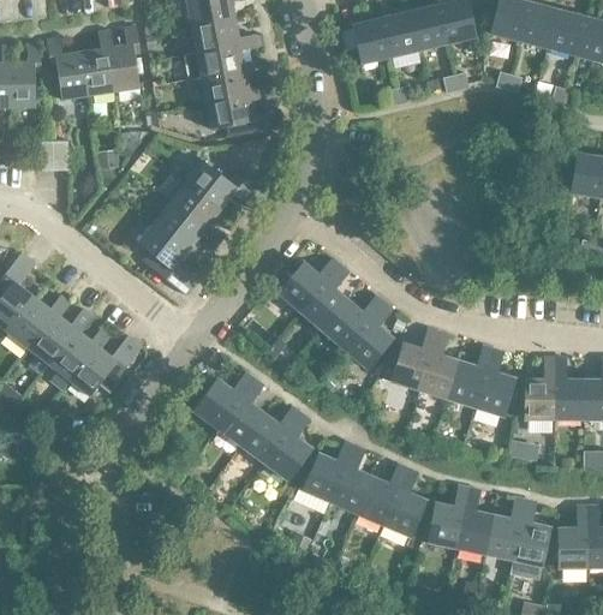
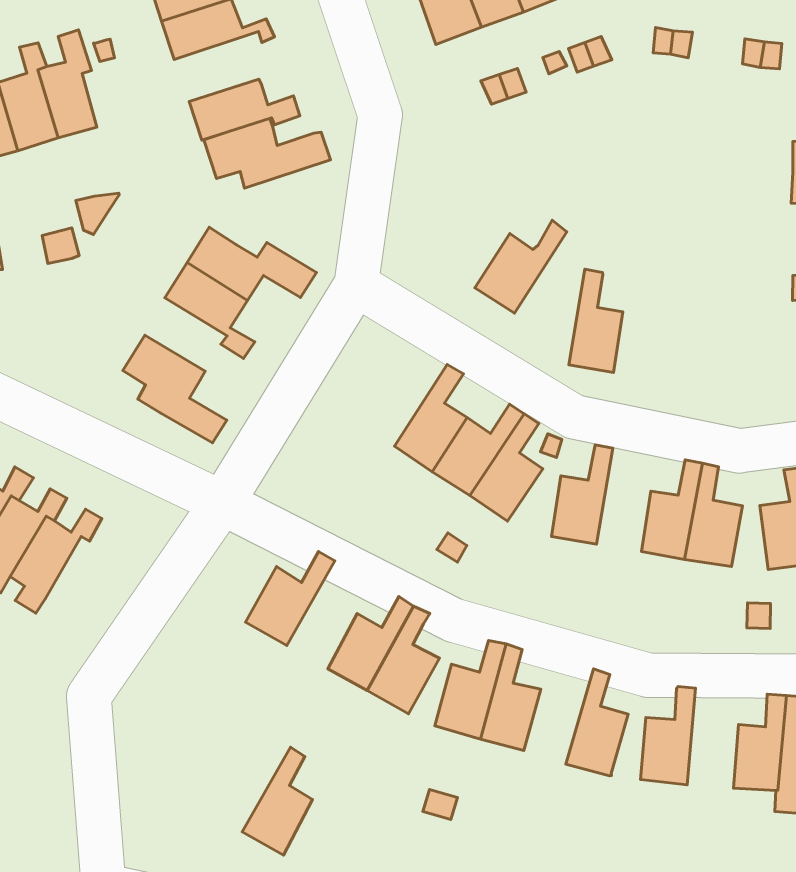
building: [185,41,264,79] -> none
building: [154,201,207,264] -> none
building: [279,257,341,312] -> [475,220,567,313]
building: [420,332,459,399] -> [569,269,623,373]
building: [70,334,144,395] -> none
building: [217,380,264,447] -> [242,747,313,855]
building: [358,464,408,526] -> none
building: [458,489,495,555] -> none

